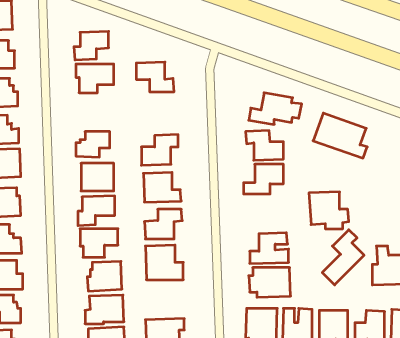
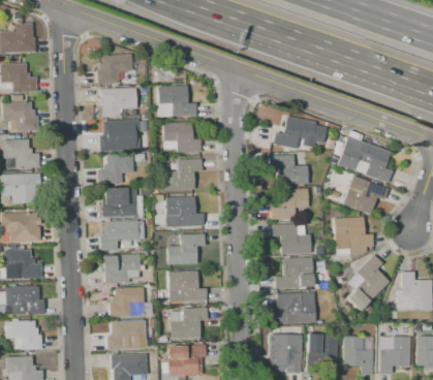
building: none -> [98,121,137,150]
building: none -> [162,122,200,153]
building: none -> [342,173,388,215]
building: none -> [271,224,310,255]
building: none -> [169,309,207,339]

